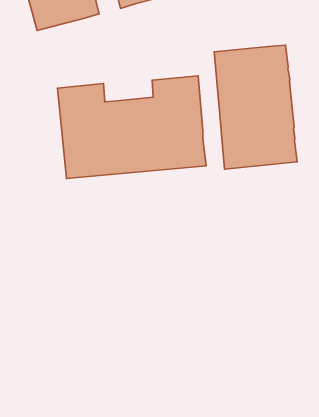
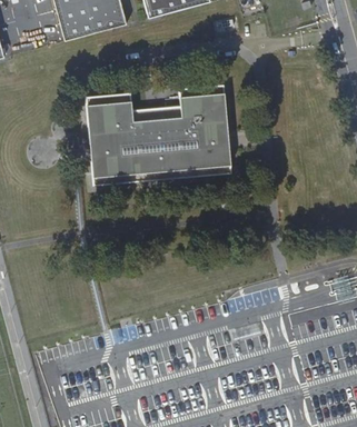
building: [214,45,297,169] -> none

